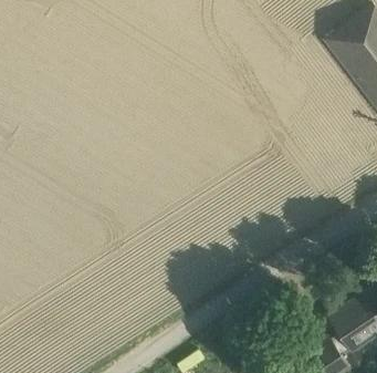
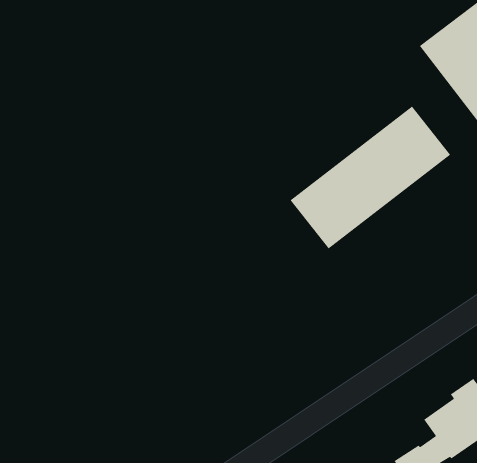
building: none -> [289,105,451,249]

